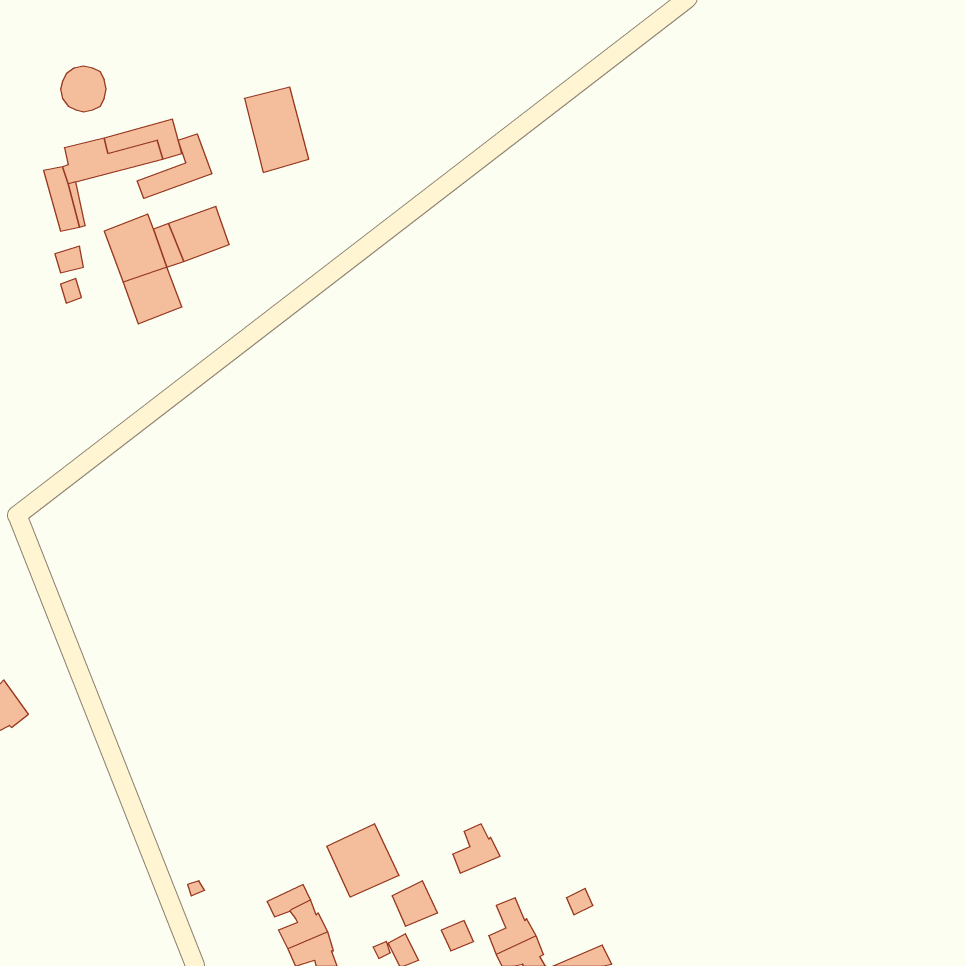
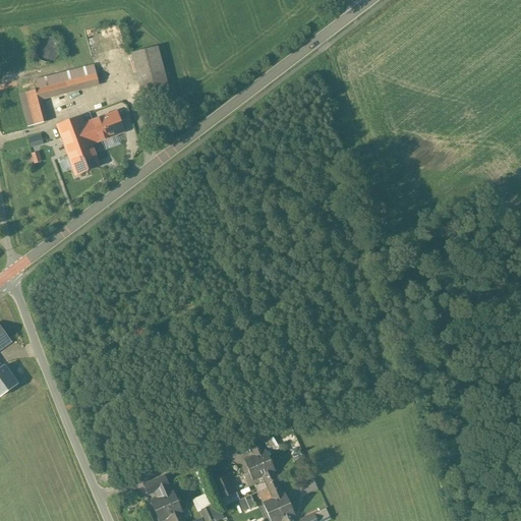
building: [137,134,212,198] -> none
building: [327,824,399,897] -> none
building: none -> [247,460,277,486]

